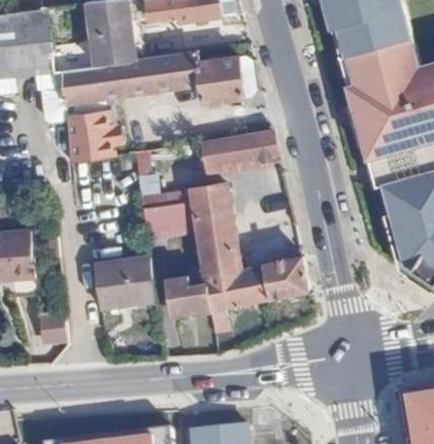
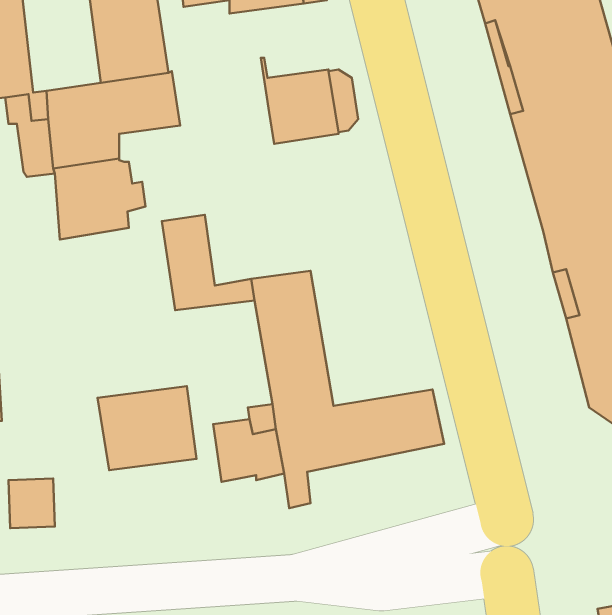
building: [139,50,200,93] -> none
building: [201,130,278,172] -> none
building: [141,202,196,239] -> none

